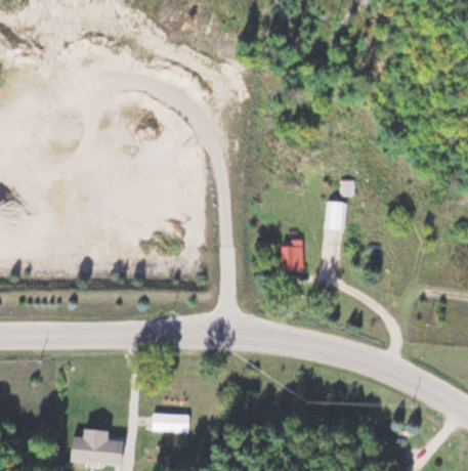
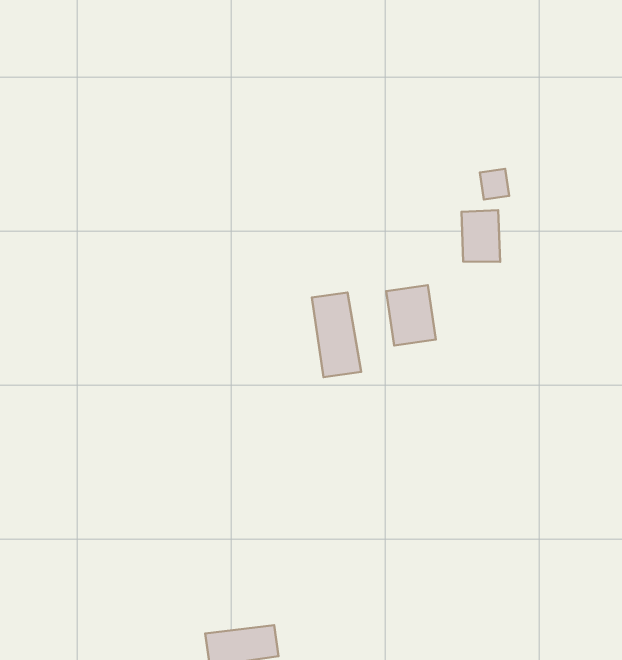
building: none -> [312,292,361,377]

